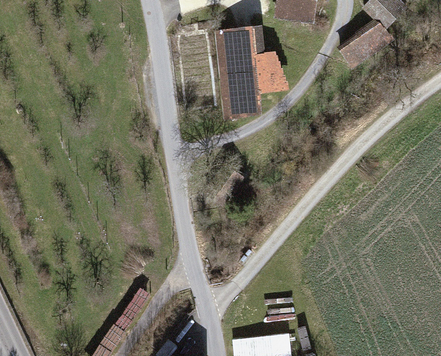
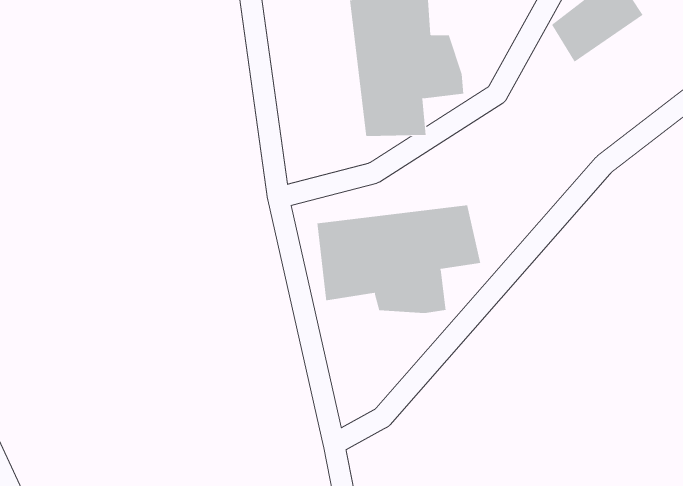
building: none -> [317,205,481,314]

